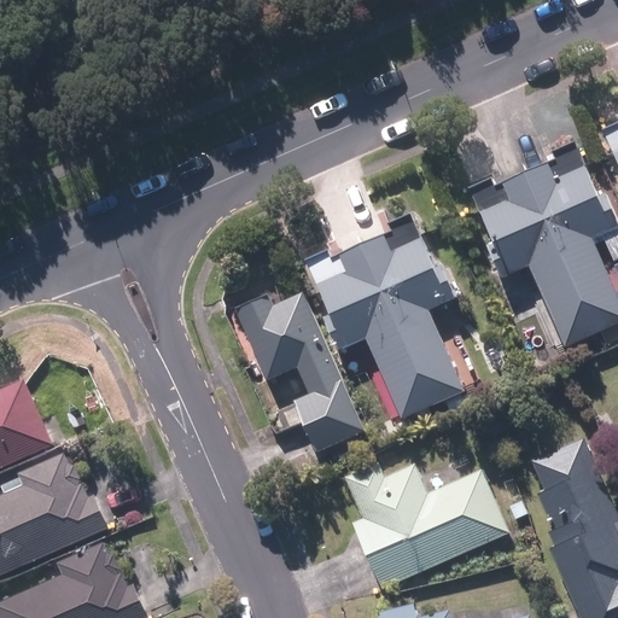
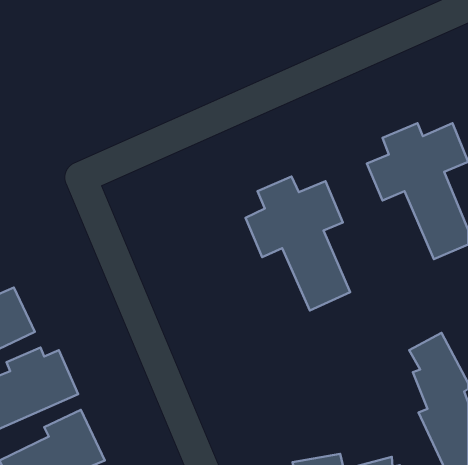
building: [237,292,363,450] -> none
building: [348,465,503,585] -> none

